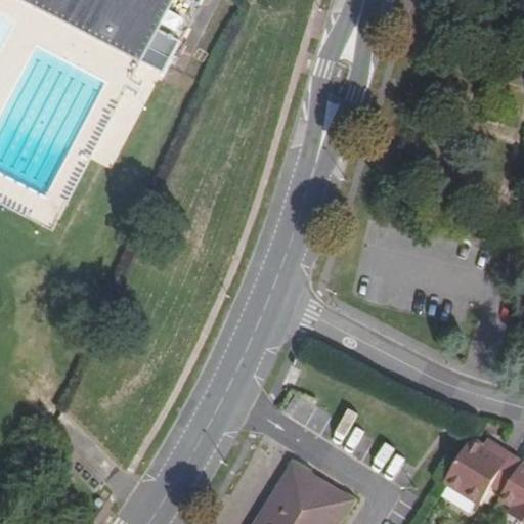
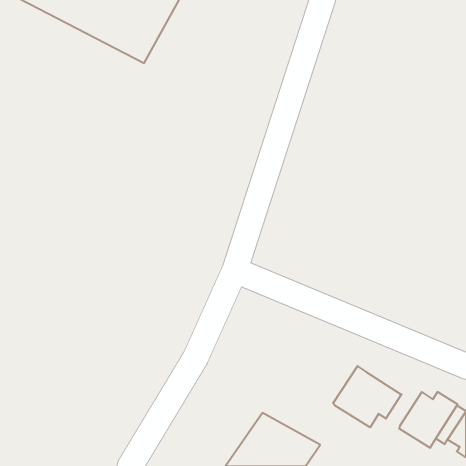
building: none -> [333,366,402,427]

